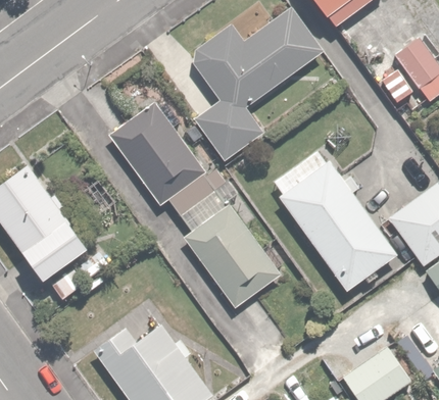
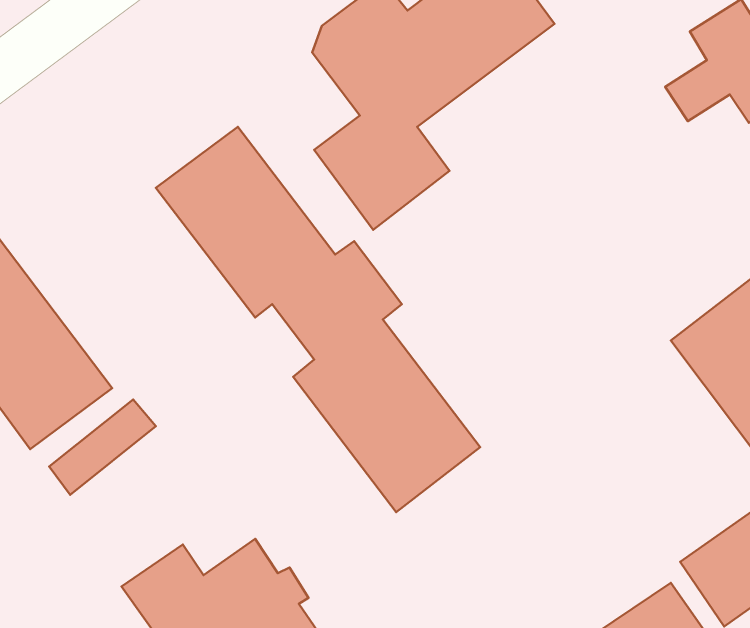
building: [270,147,399,294] -> none

